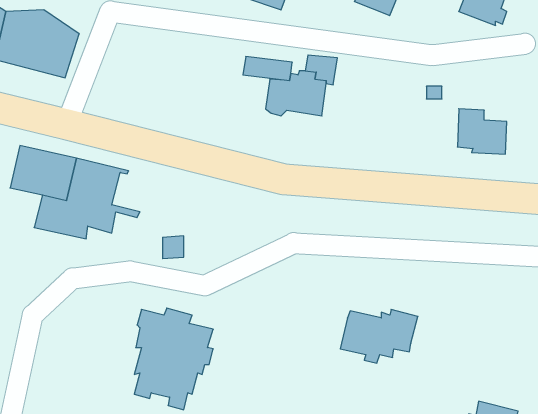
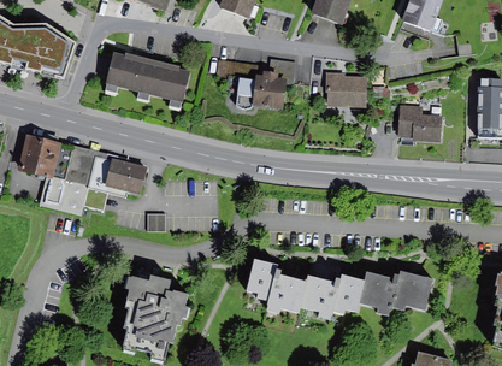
building: none -> [104,52,190,110]
building: none -> [326,71,365,107]
building: none -> [104,158,146,194]
building: none -> [246,260,305,314]
building: none -> [359,271,432,317]

